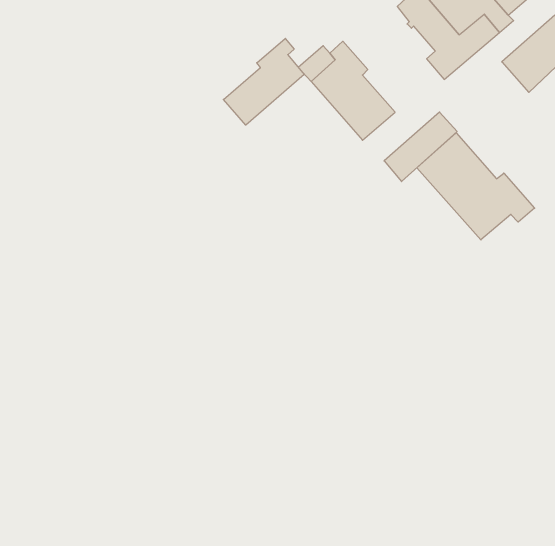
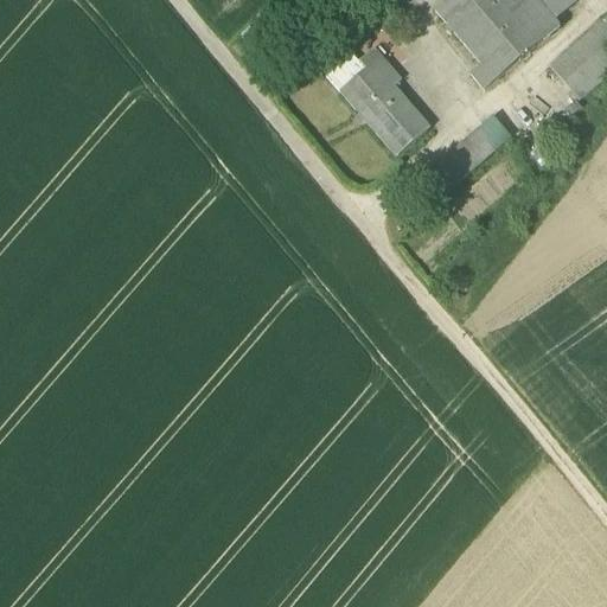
building: [223,38,304,125] -> none
building: [417,133,535,240] -> none

